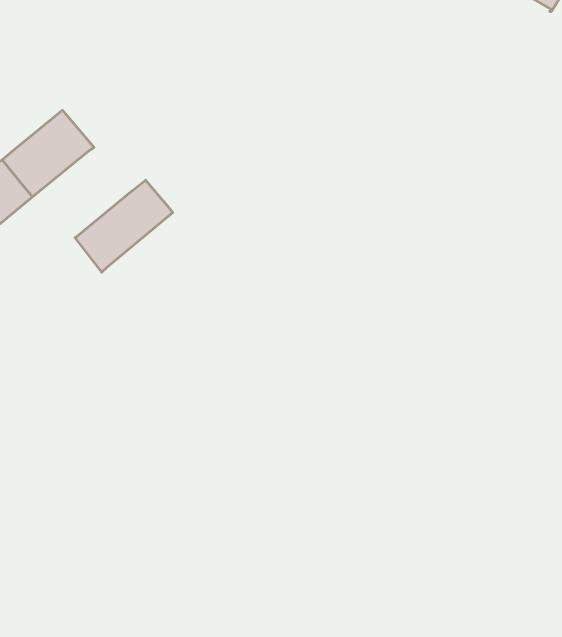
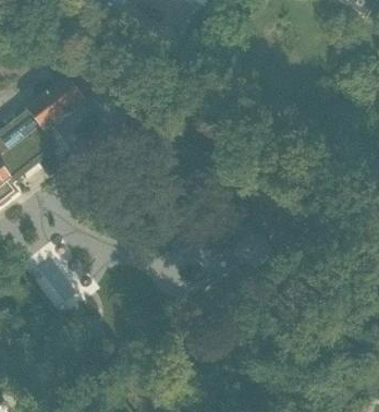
building: [75,180,173,272] -> none

